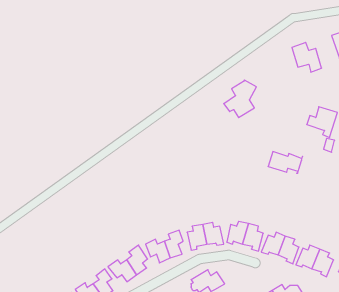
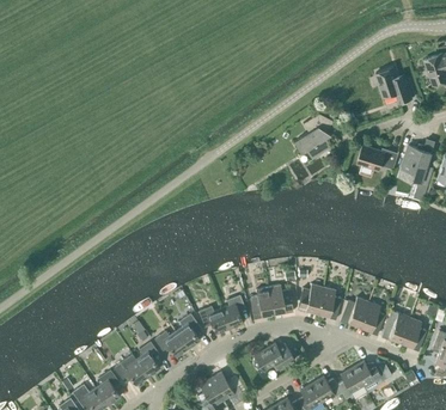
building: [268,152,303,173] -> [356,145,398,171]

